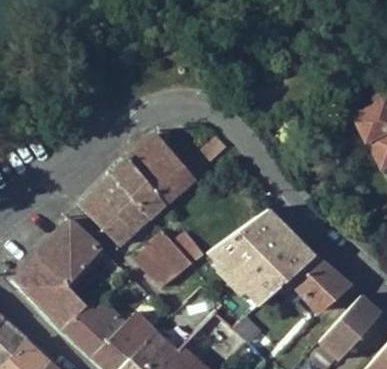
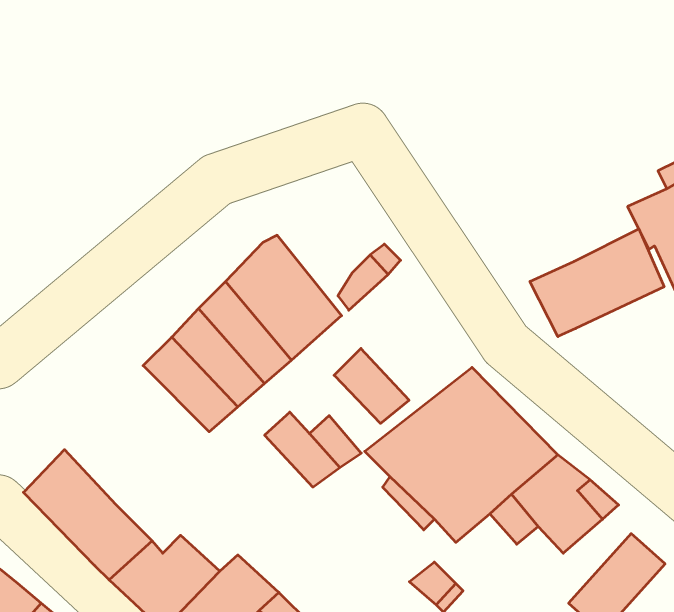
building: none -> [530,229,664,337]
building: [38,221,101,285] -> none
building: [135,246,177,288] -> [334,348,409,423]

